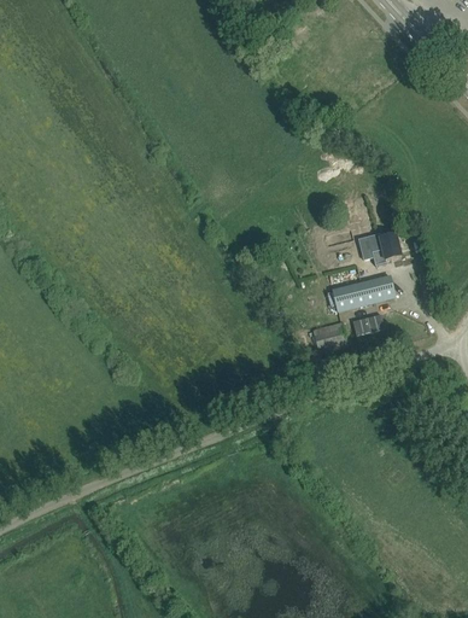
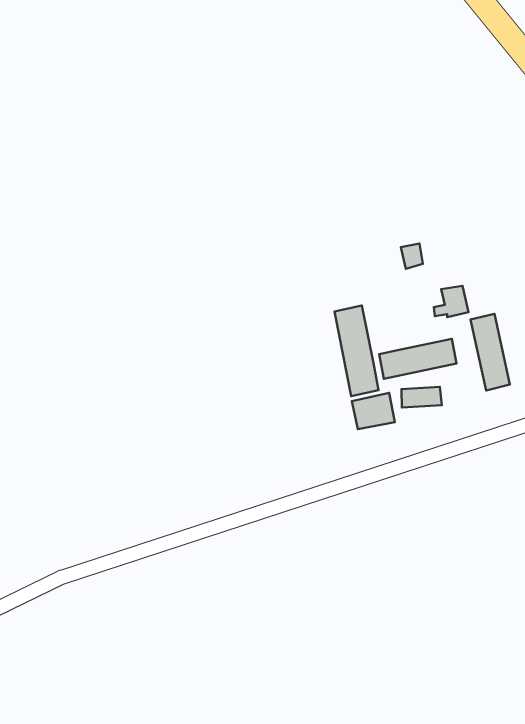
building: none -> [334,305,379,396]
building: none -> [471,314,510,390]

